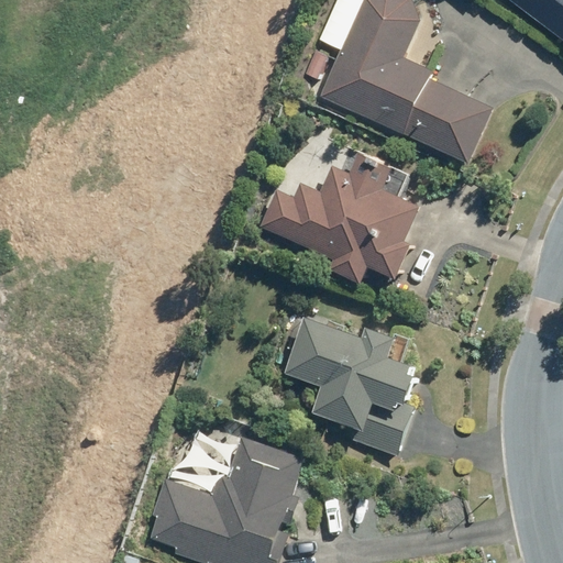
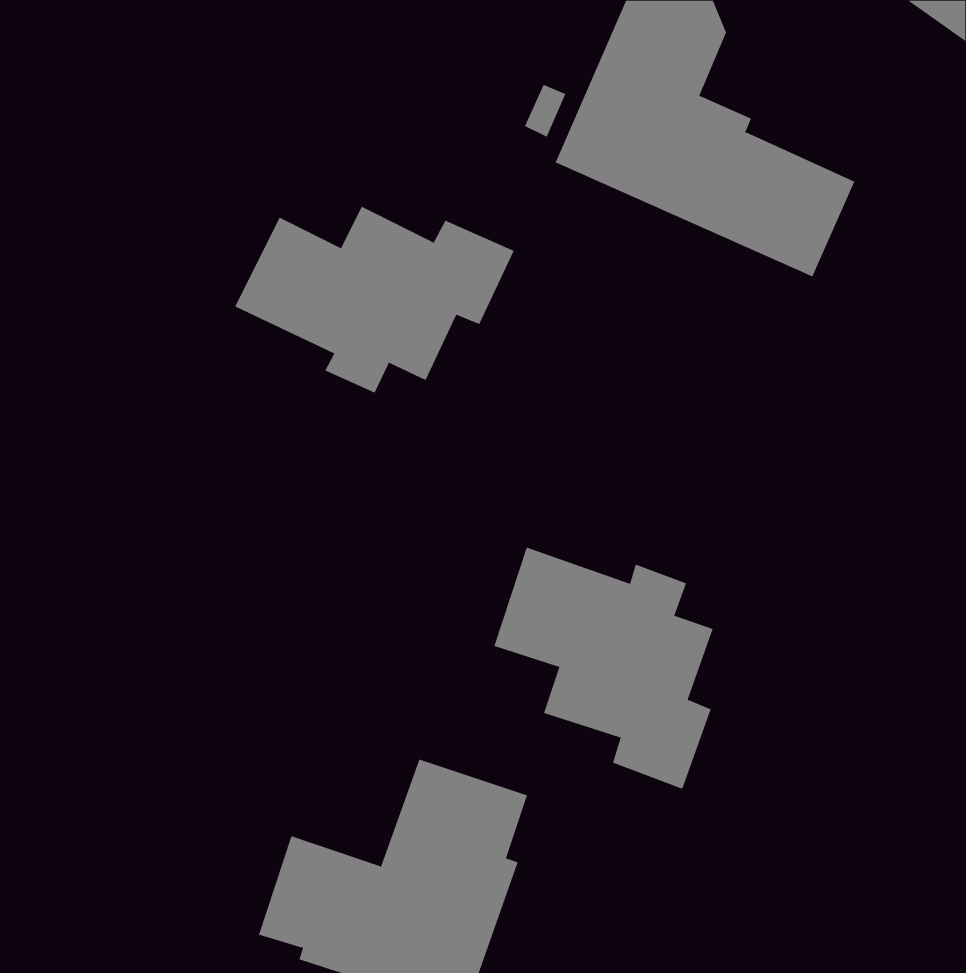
building: none -> [234,206,514,393]
building: [258,151,422,284] -> none

